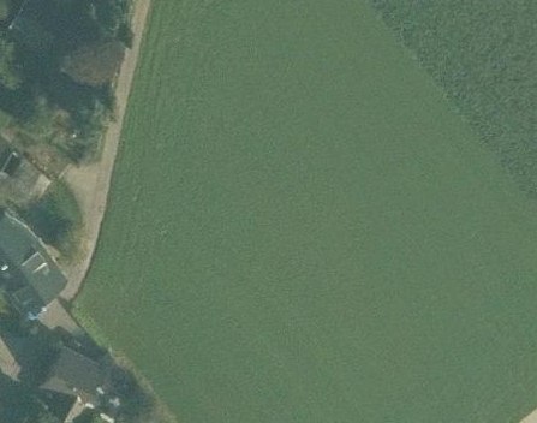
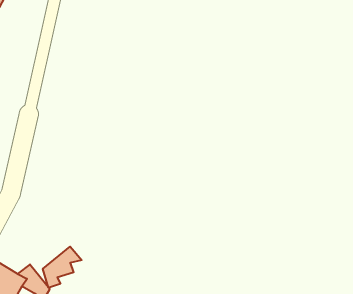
building: none -> [43,247,82,288]

